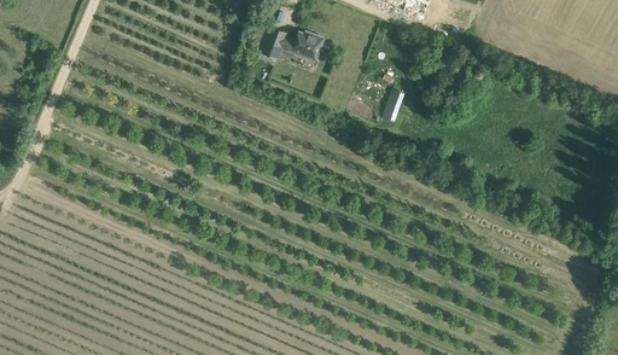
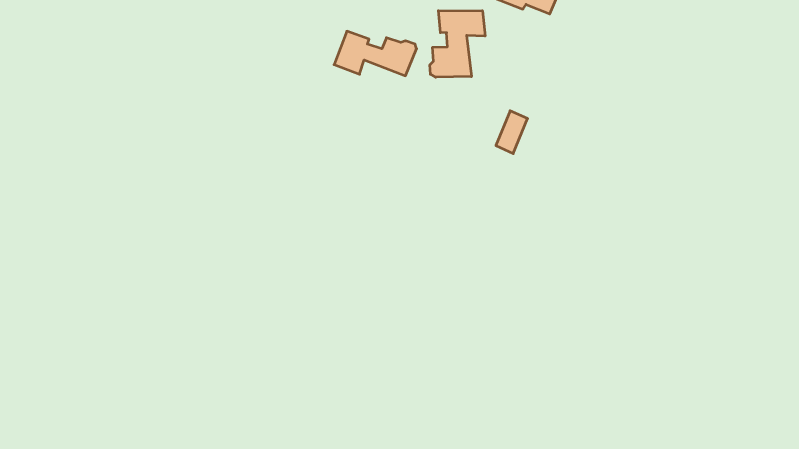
building: none -> [430,11,485,77]

